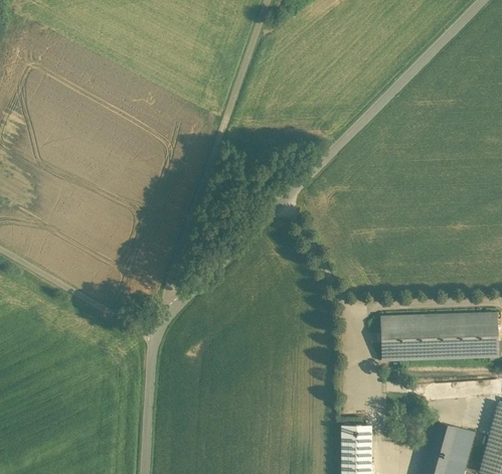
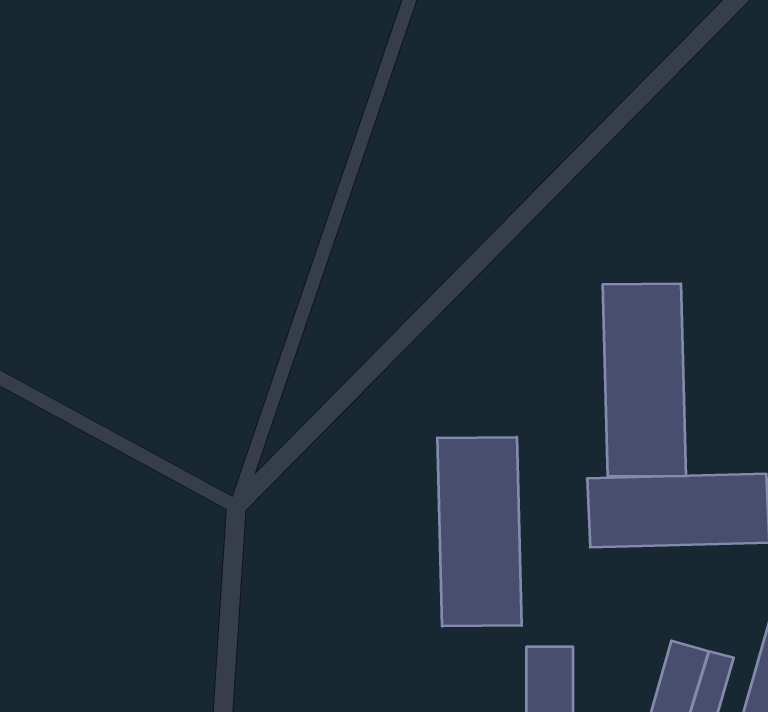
building: none -> [603,284,686,477]
building: none -> [437,437,522,626]

